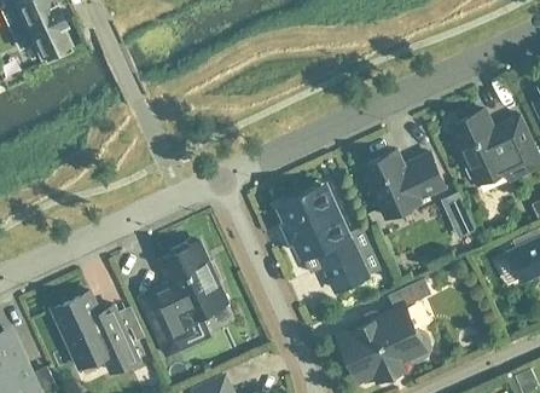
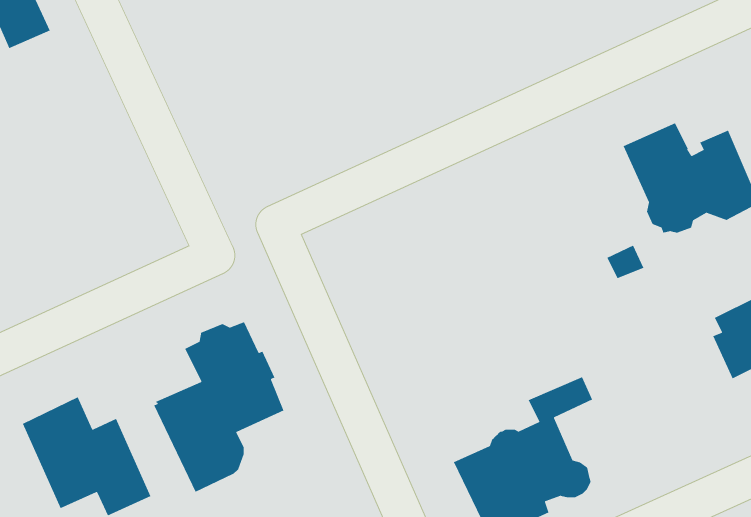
building: [362,151,447,219] -> none
building: [279,185,368,291] -> none

